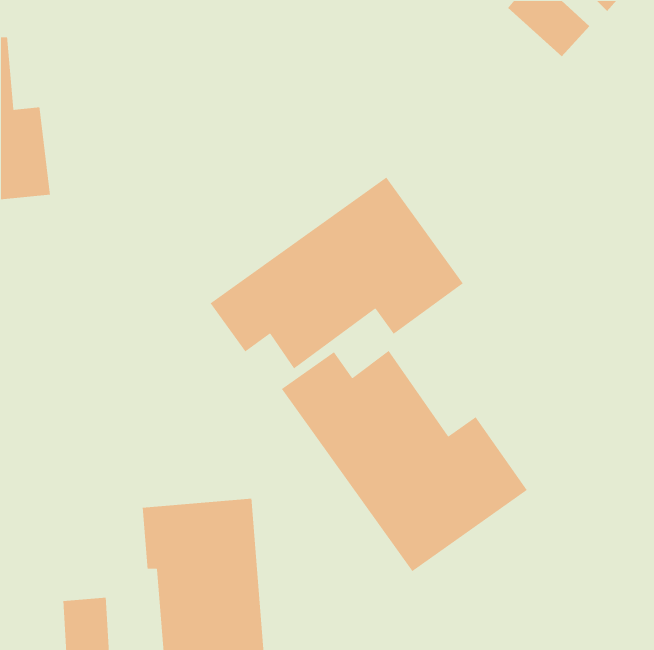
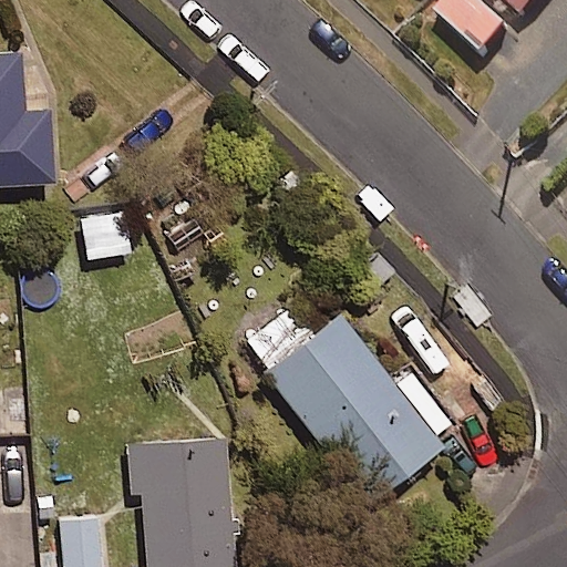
building: [209,177,464,369] -> none

